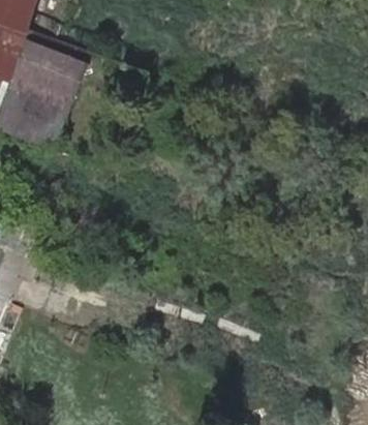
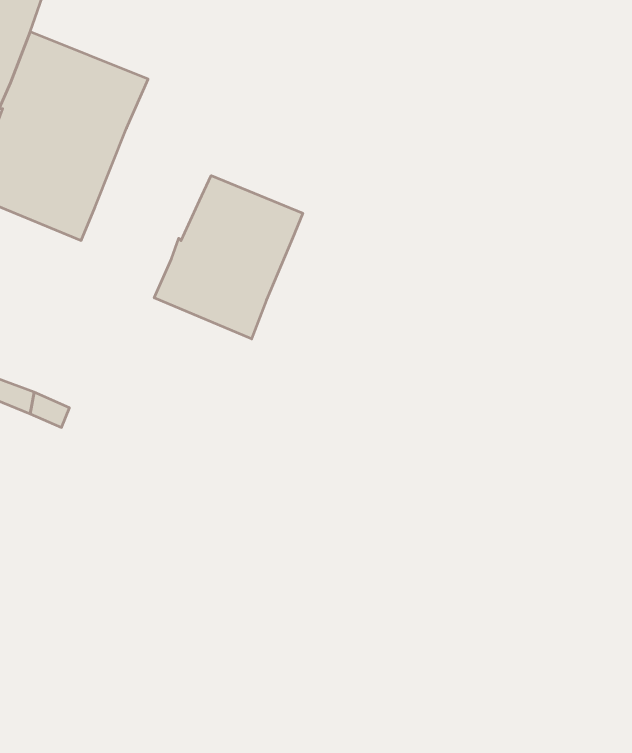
building: none -> [154,176,303,339]

